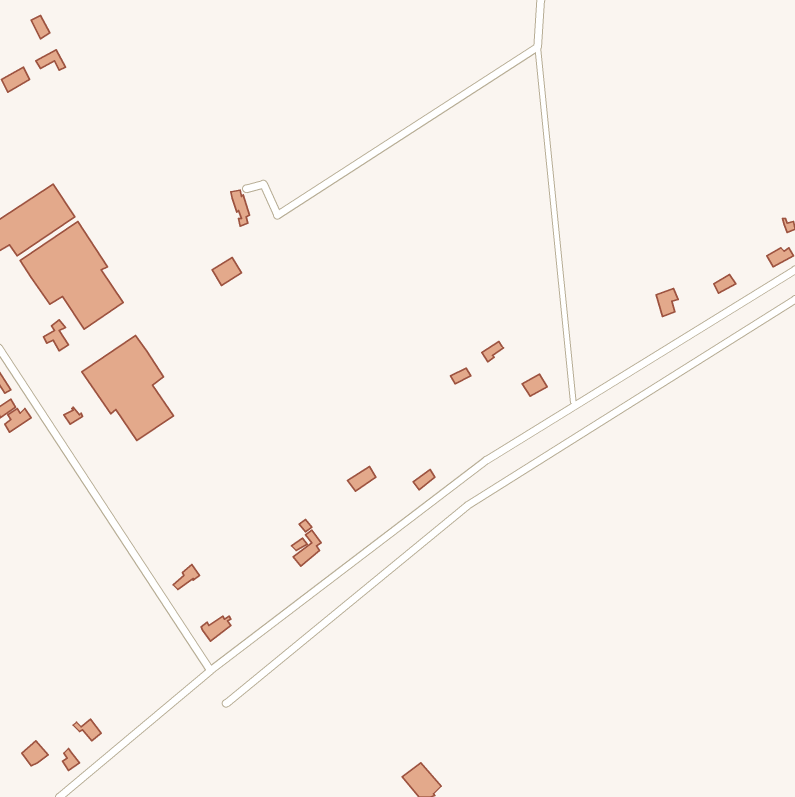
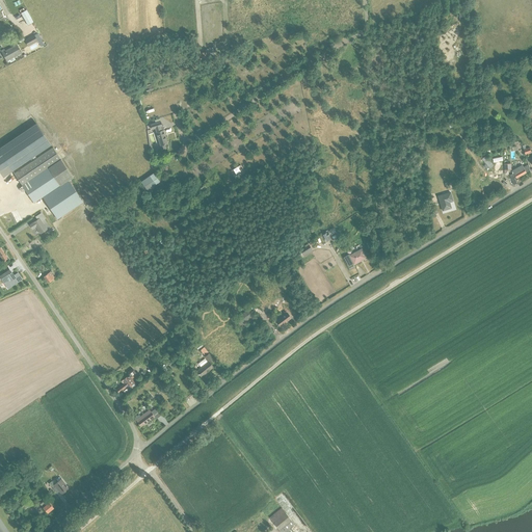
building: [82,335,173,440] -> none

